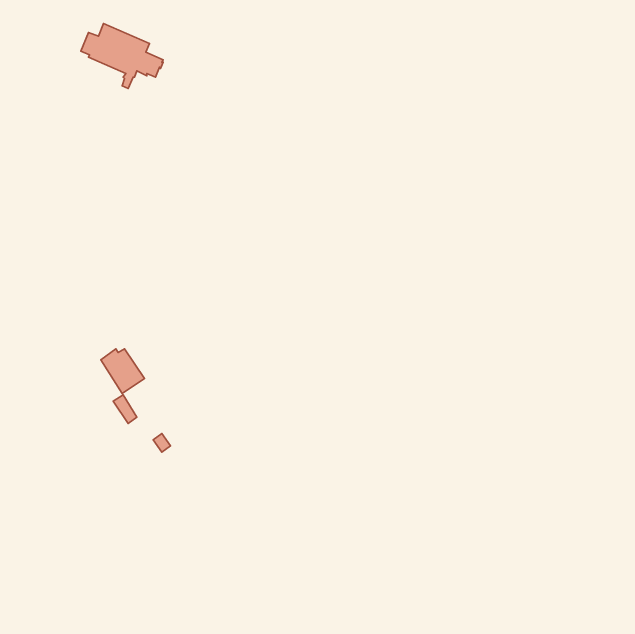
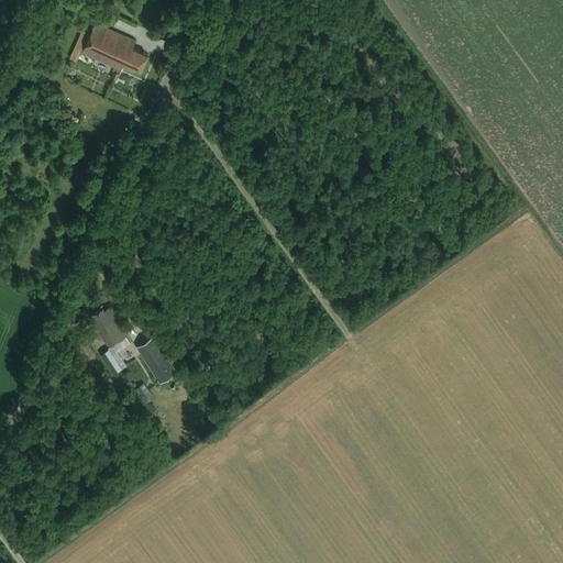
building: none -> [139,338,178,385]

